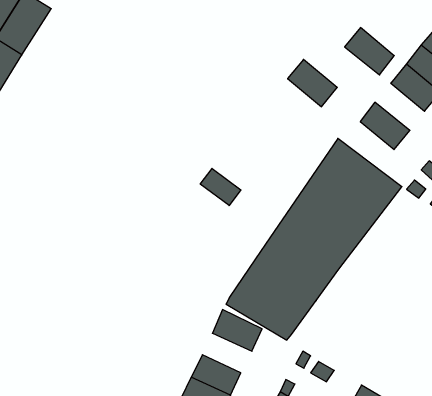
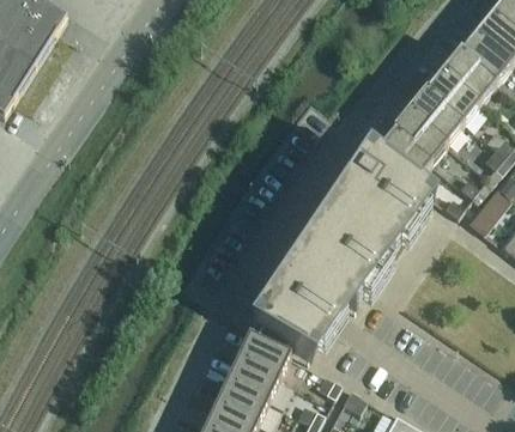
building: [345,28,394,75] -> [408,96,461,146]
building: [288,59,337,107] -> [376,136,429,187]
building: [200,168,241,206] -> none
building: none -> [225,361,278,403]

